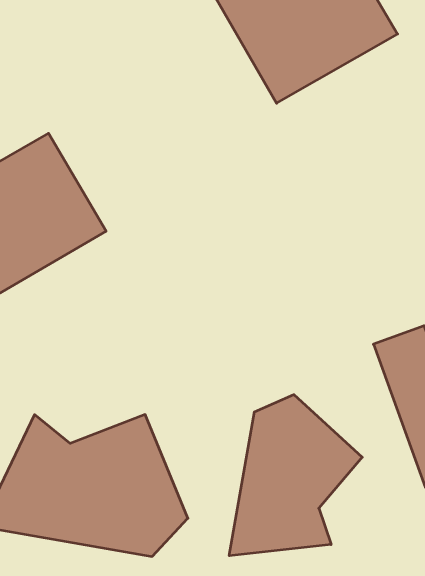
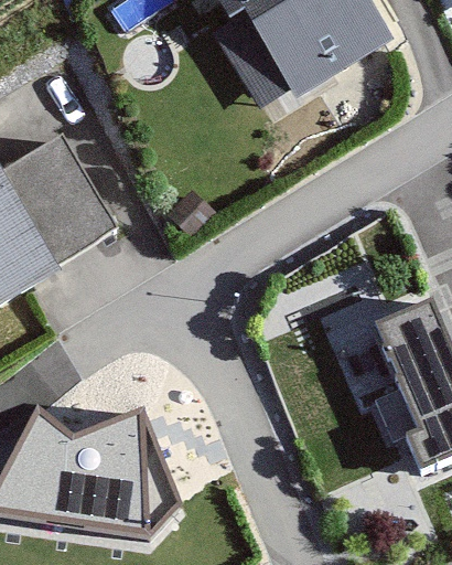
building: [229,395,362,556] -> none

